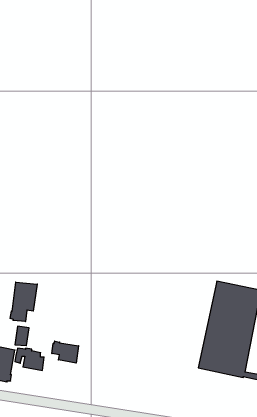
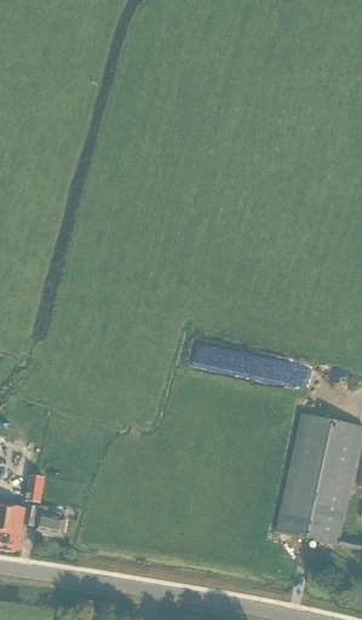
building: [10,282,37,322] -> none
building: [52,341,79,363] -> none

